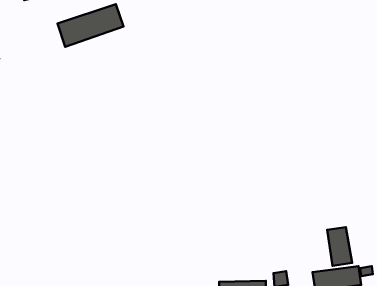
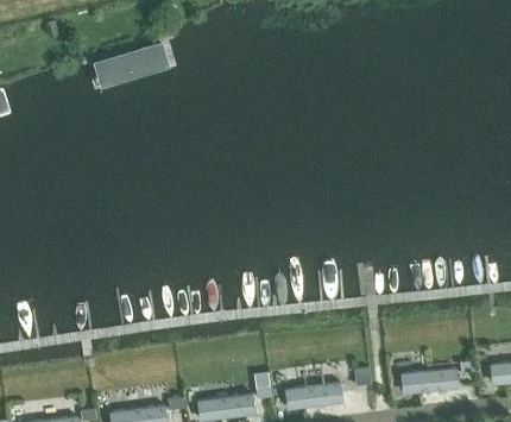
building: [327,227,352,266] -> none

